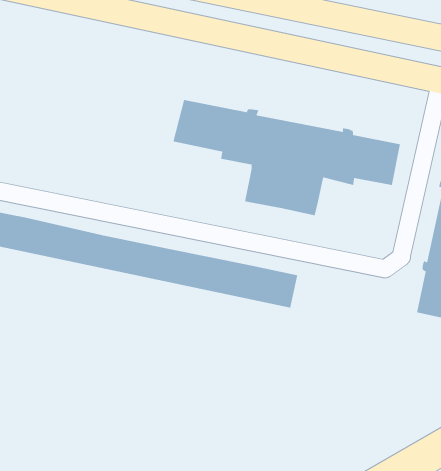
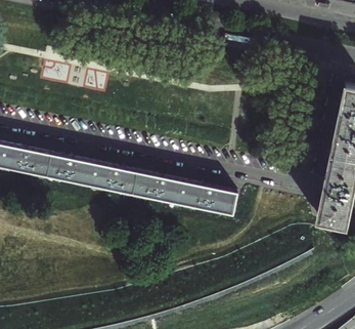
building: [173,99,401,216] -> none

